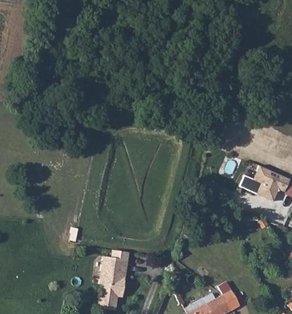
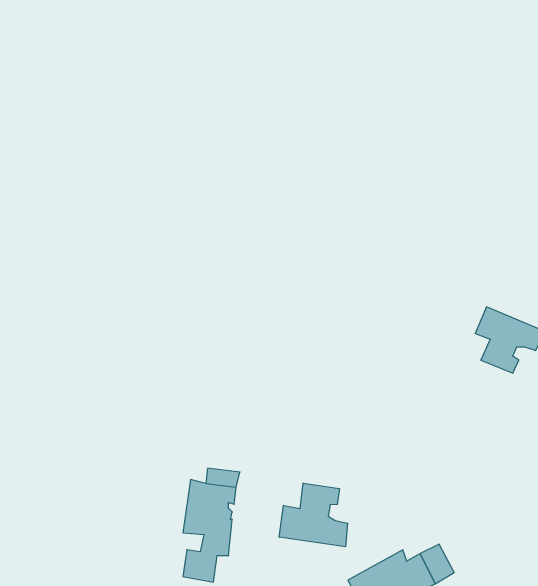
building: none -> [279,483,347,547]

